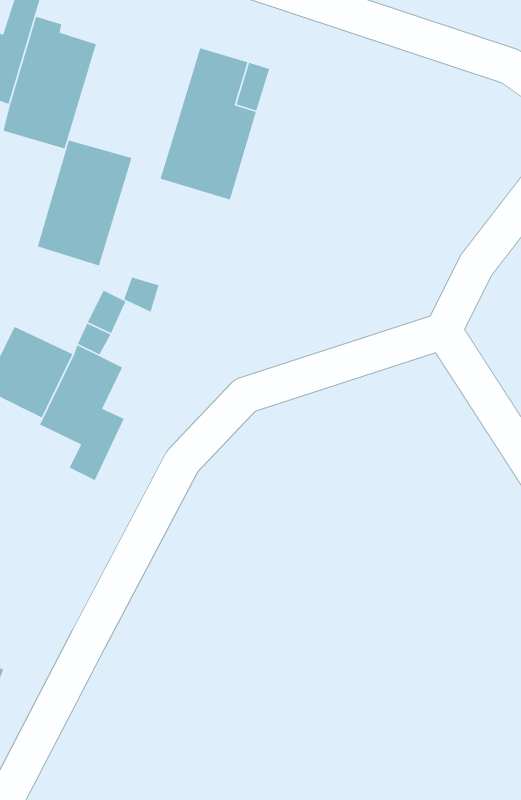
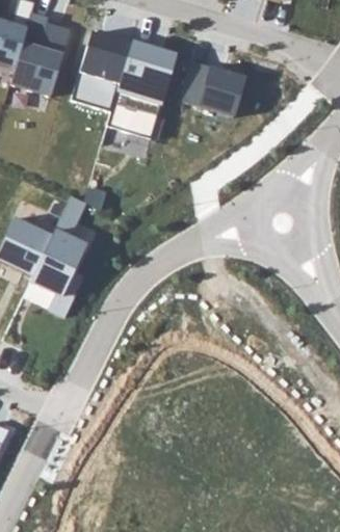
building: none -> [180,59,247,115]
building: [37,139,133,266] -> [72,31,132,111]

